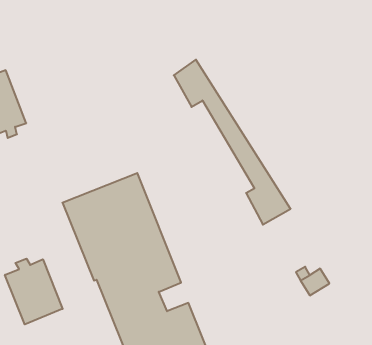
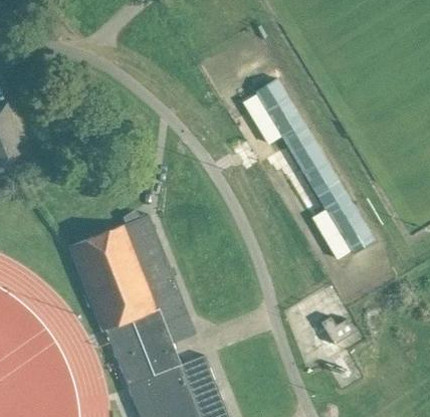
building: [174,60,291,225] -> [240,75,367,254]
building: [5,259,63,324] -> none

